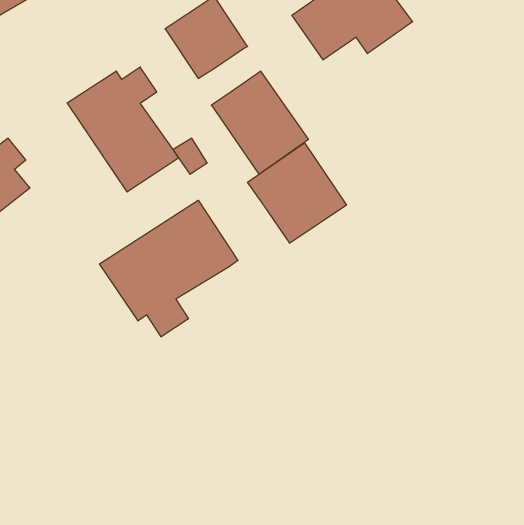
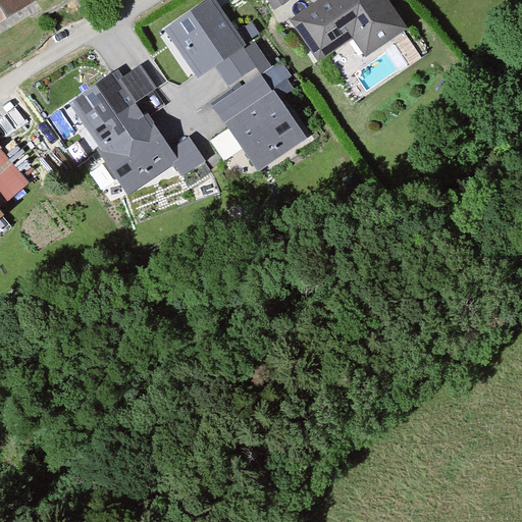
building: none -> [212,48,258,91]
building: [248,143,346,243] -> none
building: [100,200,238,337] -> none

